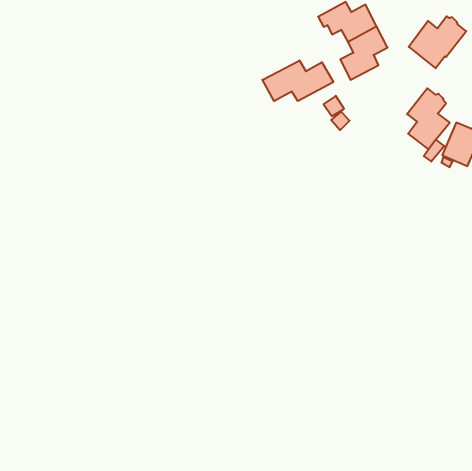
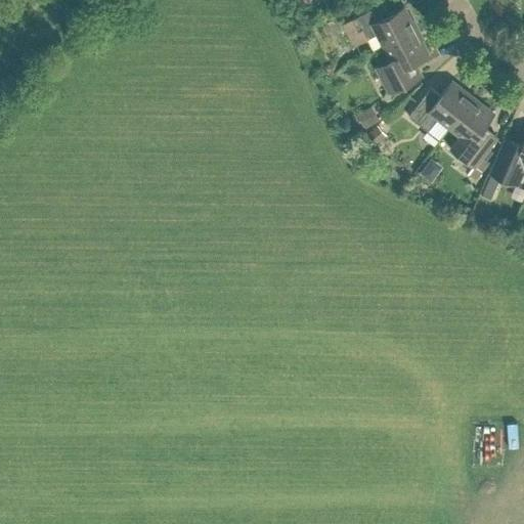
building: [409,16,466,68] -> [410,85,474,142]
building: [262,60,333,101] -> none

